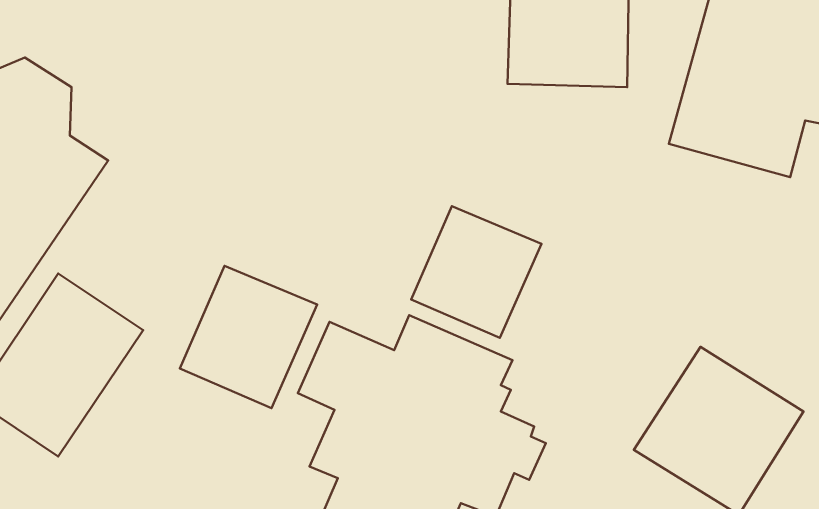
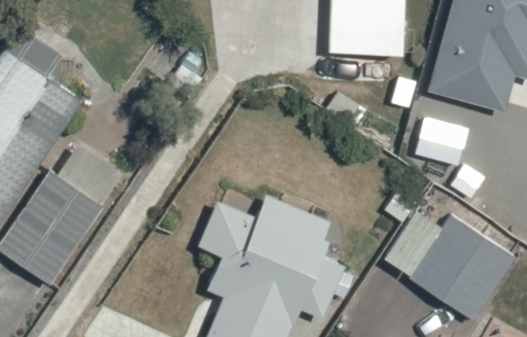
building: [411,206,542,338] -> none
building: [180,266,317,408] -> none

